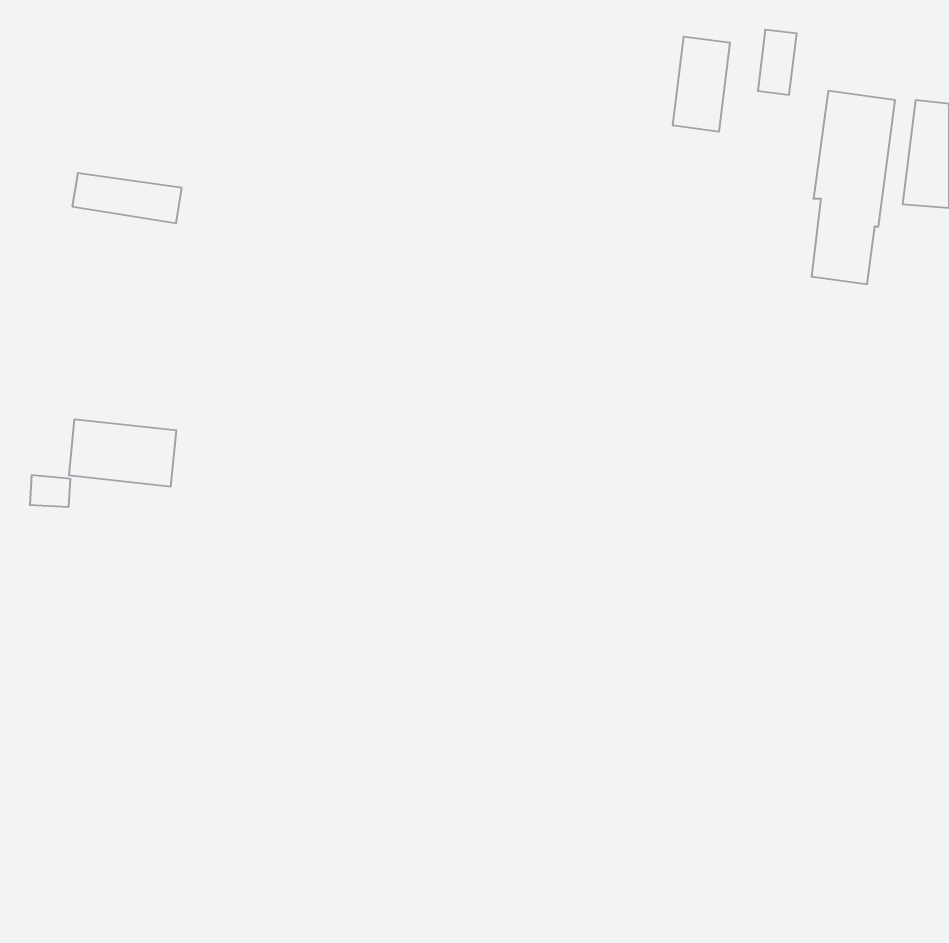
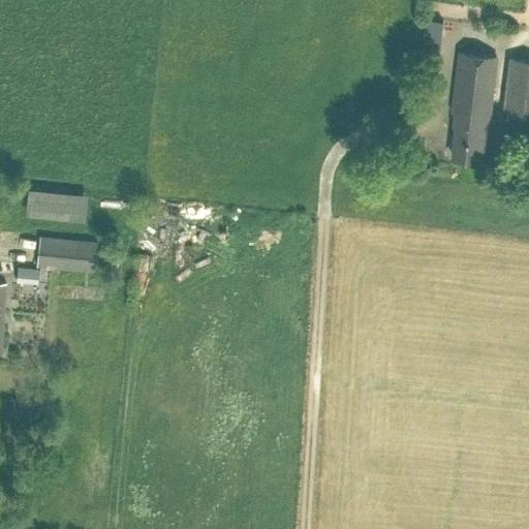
building: [673,36,730,132] -> none
building: [72,173,182,223] -> [21,186,82,214]

